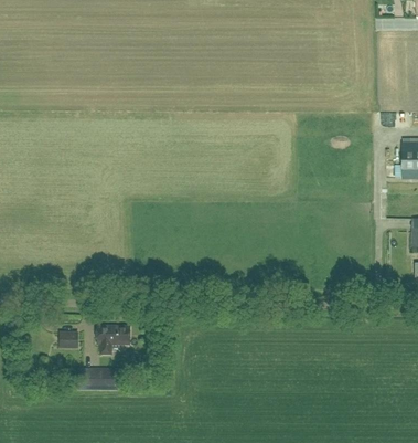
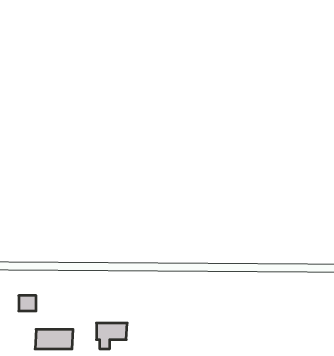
building: [100,326,133,354] -> [96,323,127,349]

